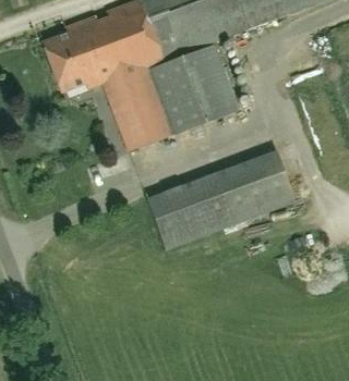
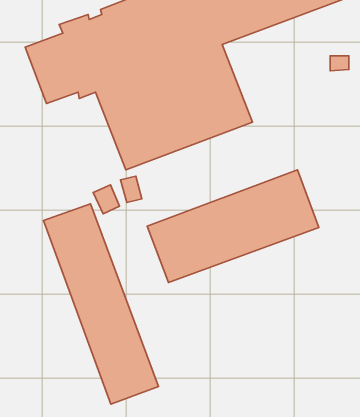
building: none -> [43,204,159,404]

